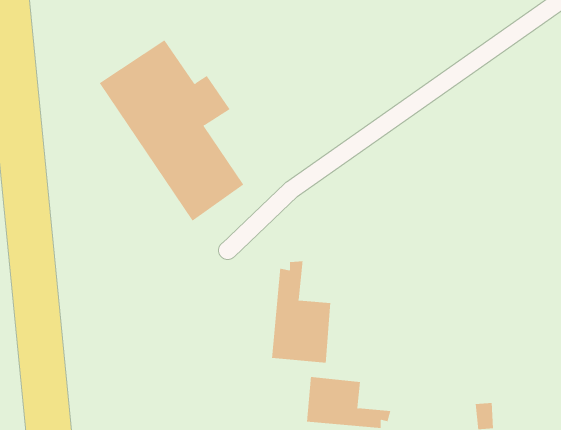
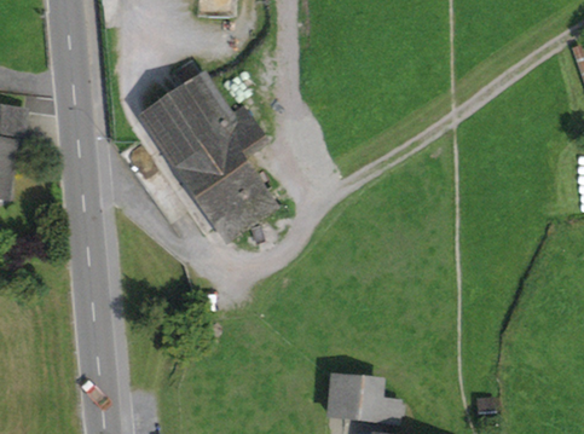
building: [271,261,331,363] -> none

